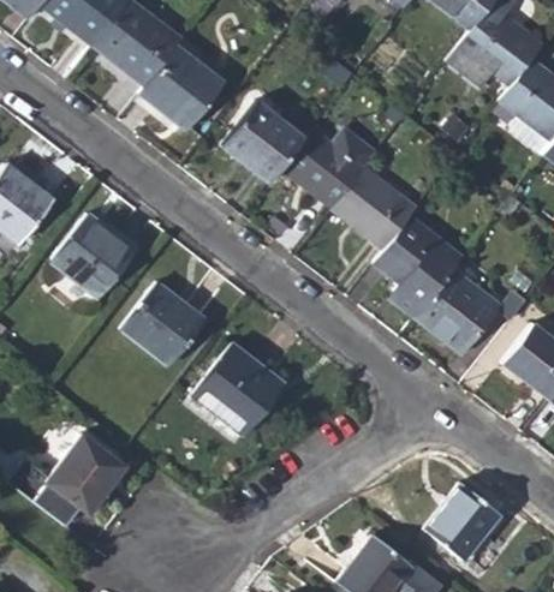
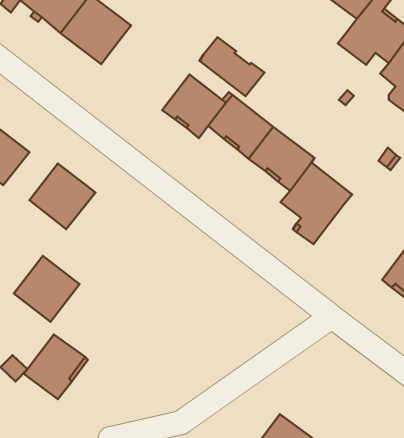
building: [139,46,226,132] -> none
building: none -> [199,37,264,96]
building: [416,268,502,354] -> none
building: [121,282,205,366] -> [14,256,80,322]
building: [193,345,284,435] -> none
building: [425,484,501,561] -> none

